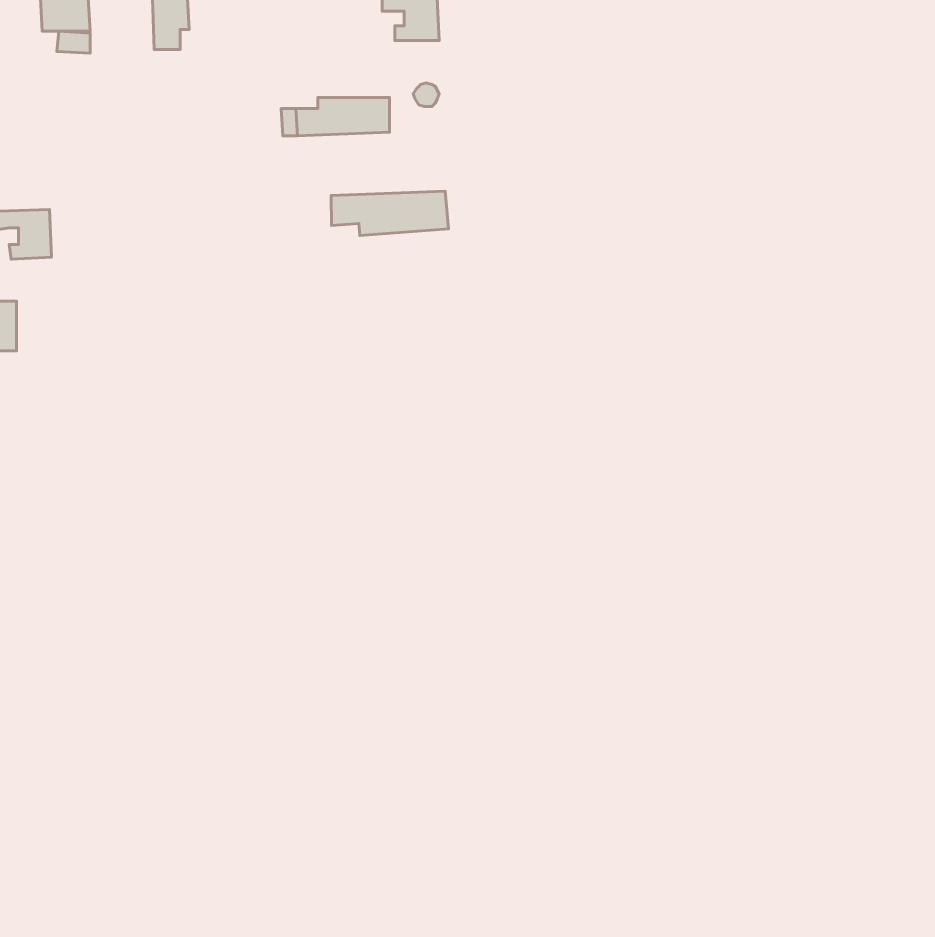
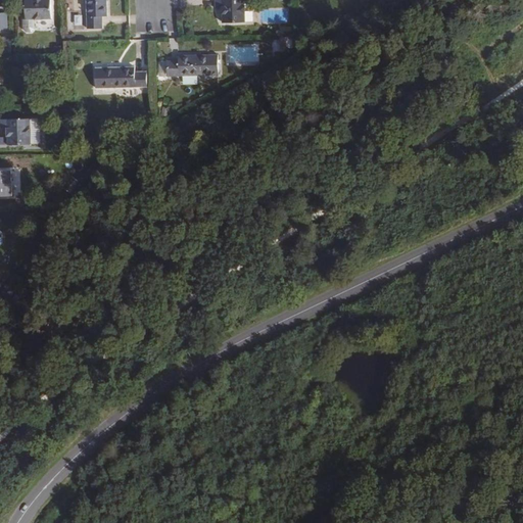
building: none -> [94,65,146,87]
building: [331,191,448,236] -> none

